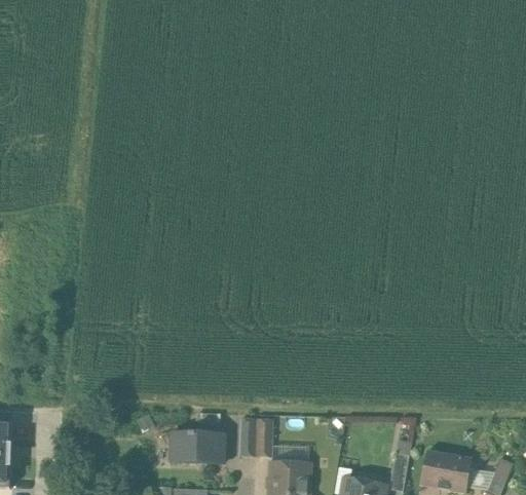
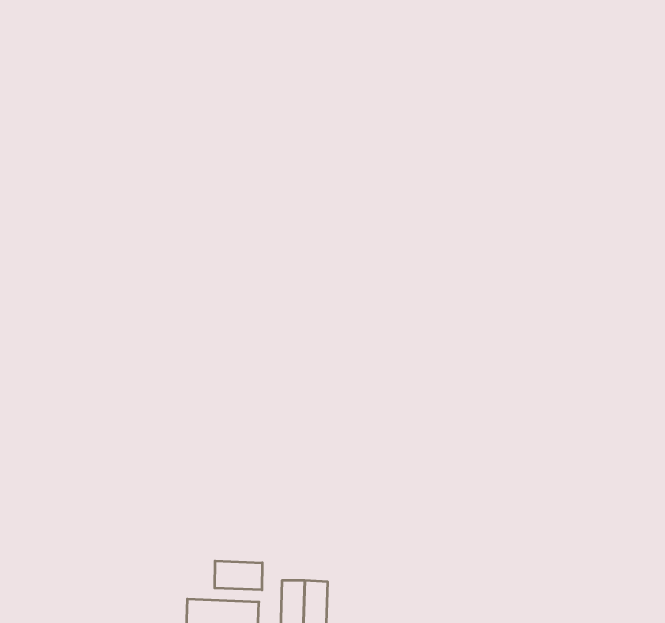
building: none -> [215,561,262,590]

